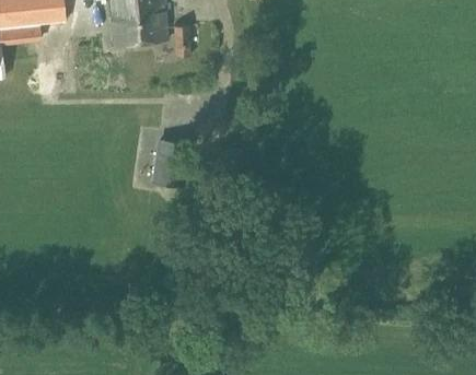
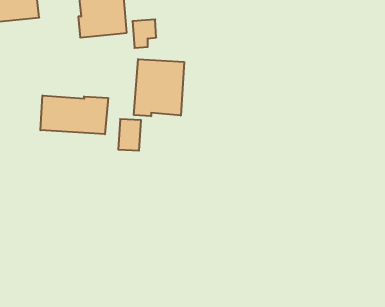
building: none -> [134,59,184,116]
building: none -> [40,95,108,134]

